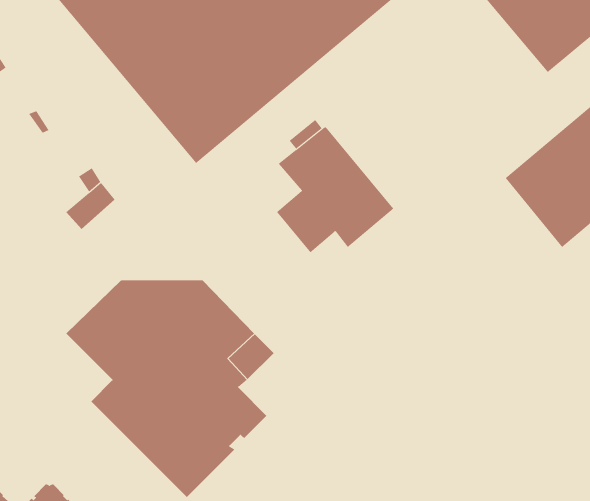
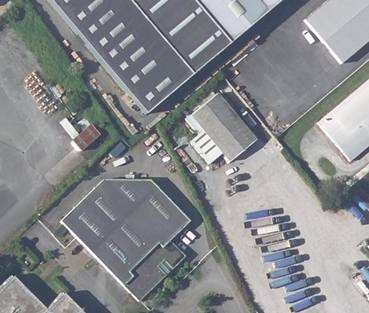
building: none -> [61,209,99,247]

